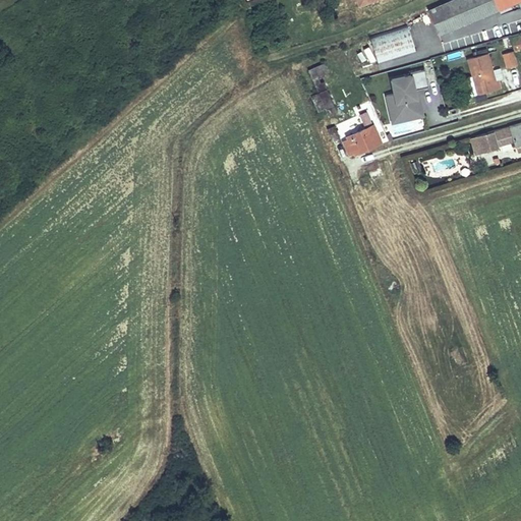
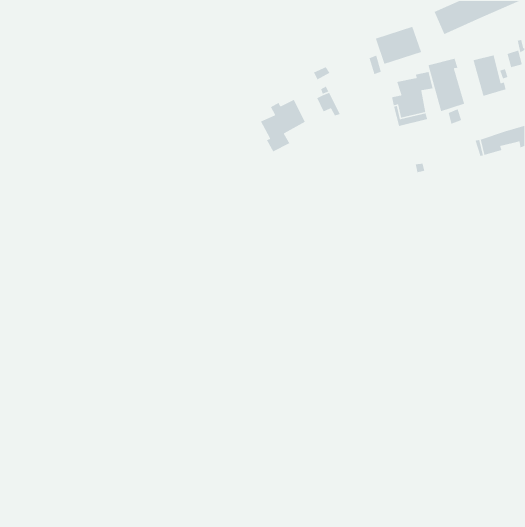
building: none -> [427,58,465,112]
building: none -> [260,99,306,152]
building: [343,113,380,157] -> none

